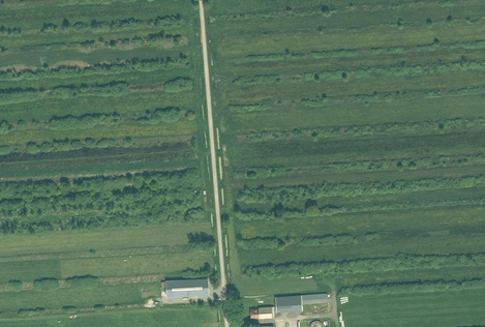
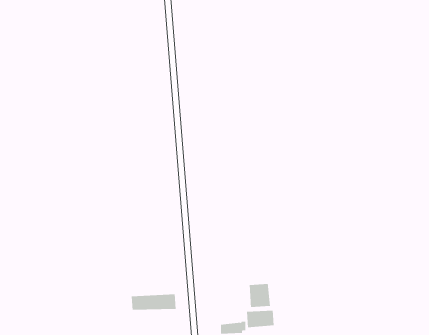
building: none -> [249,283,271,308]

